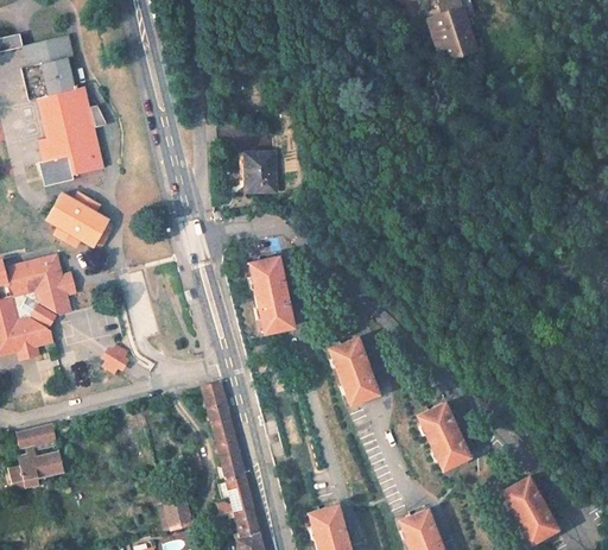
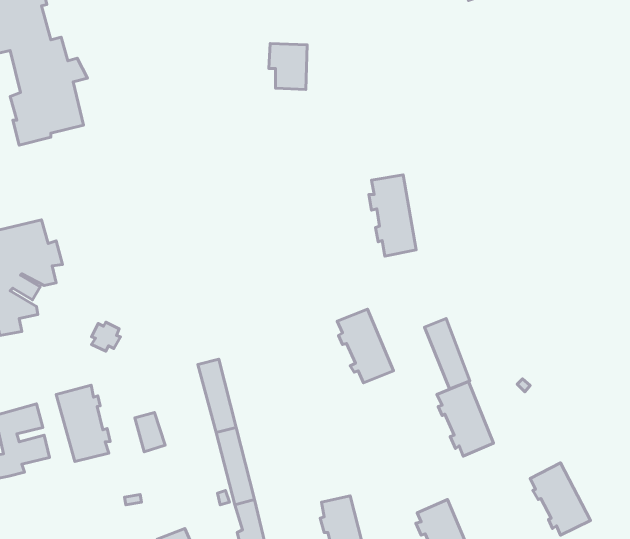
building: [246,151,280,192] -> [269,44,307,89]
building: [36,201,109,254] -> none
building: [248,258,291,331] -> [369,175,416,256]
building: none -> [424,318,470,389]
building: none -> [56,385,110,461]
building: [163,494,190,530] -> [135,412,165,452]

